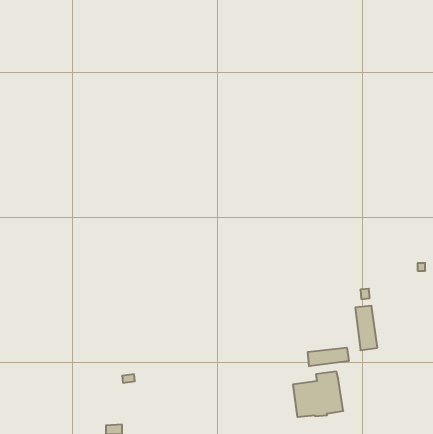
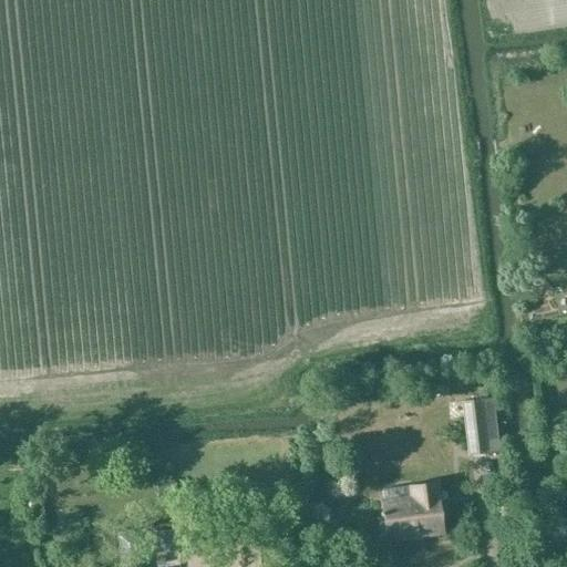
building: [308,348,349,366] -> none

